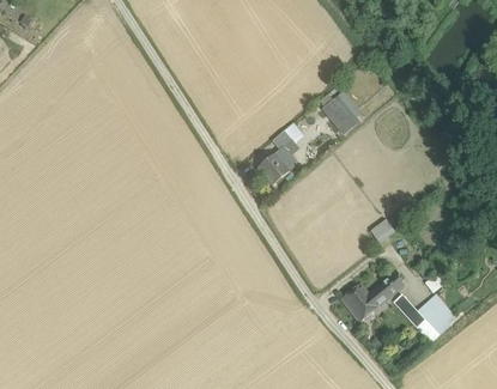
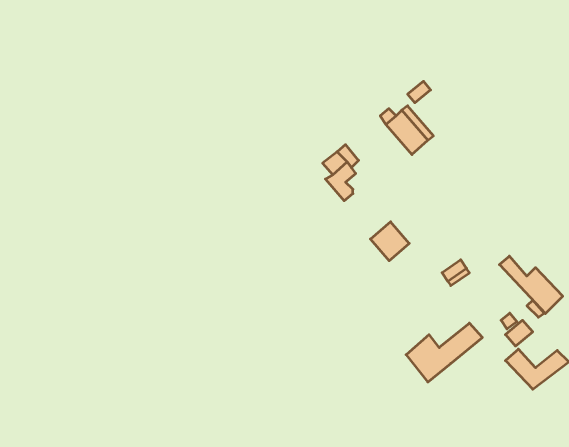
building: [256,152,289,184] -> [370,222,409,261]
building: [393,293,446,341] -> [499,256,563,314]

